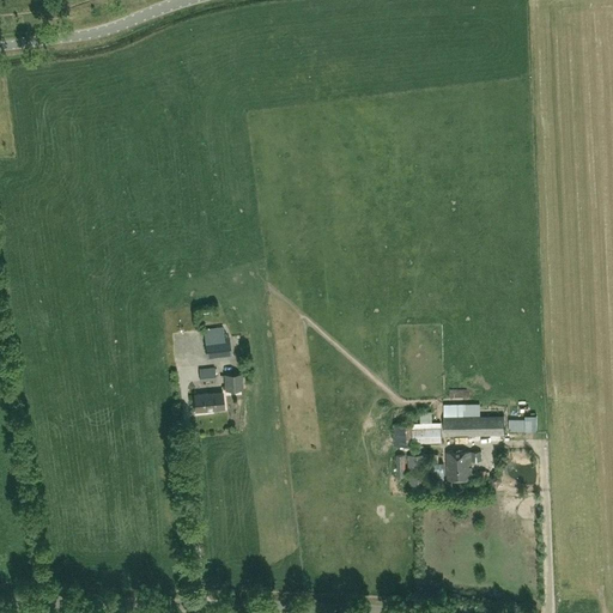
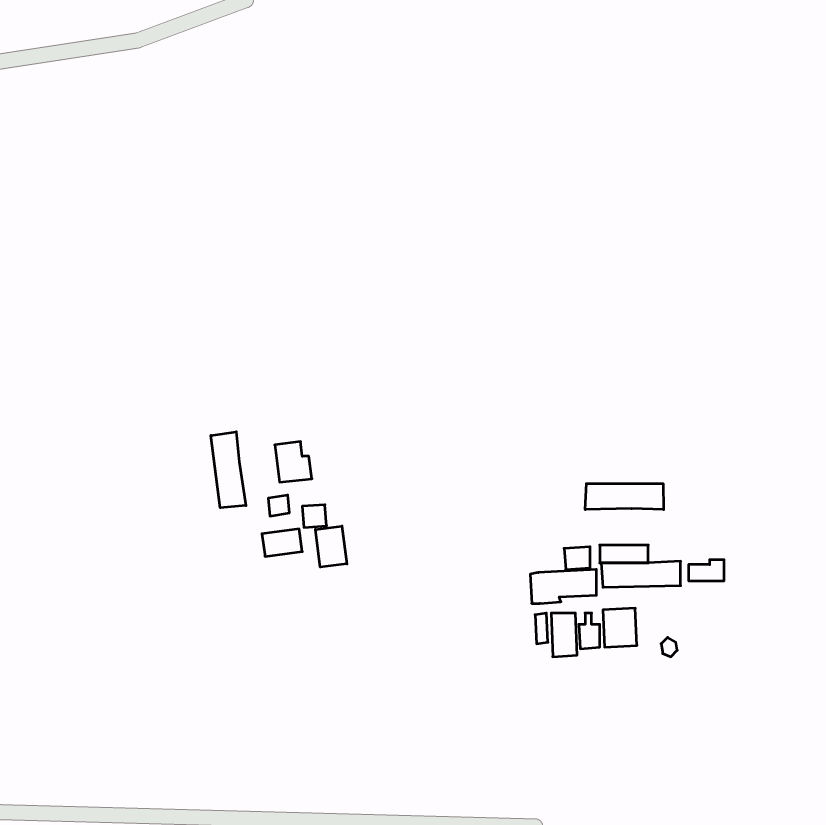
building: none -> [211,432,246,508]
building: none -> [585,484,664,510]
building: none -> [315,526,347,567]

